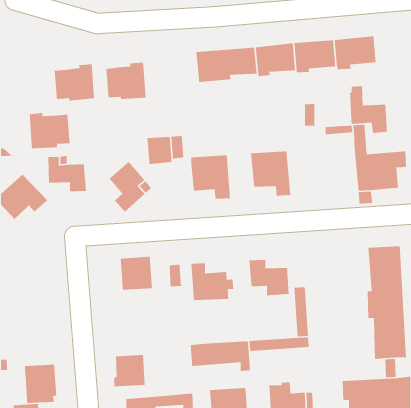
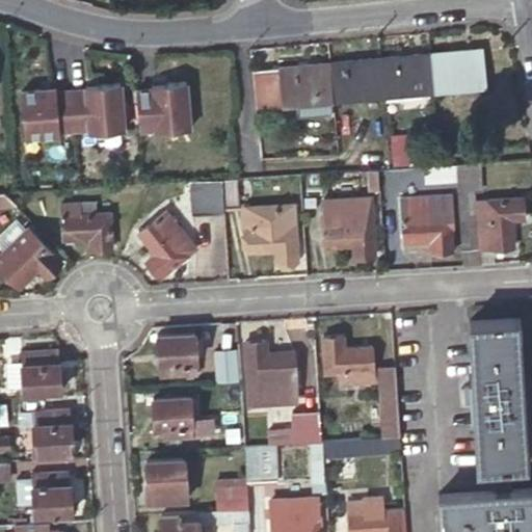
building: [349,85,388,134] -> [402,191,452,254]
building: [29,112,71,149] -> [19,92,73,140]
building: none -> [21,353,63,395]
building: none -> [154,398,195,441]
building: none -> [21,413,75,456]
building: none -> [268,413,321,447]
building: none -> [213,484,246,514]

